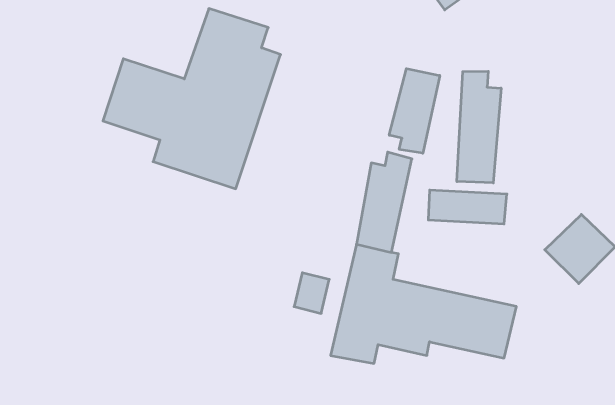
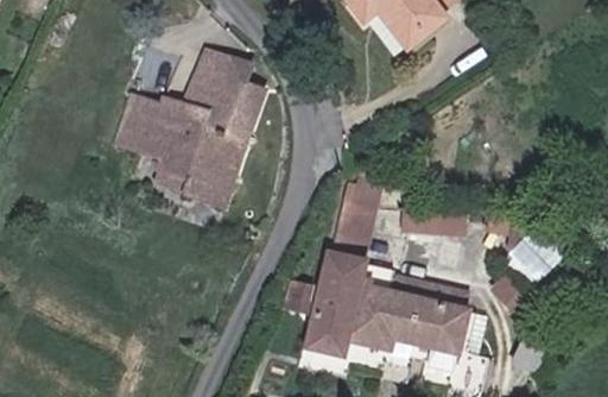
building: [389,69,440,153] -> none
building: [457,71,501,183] -> none

